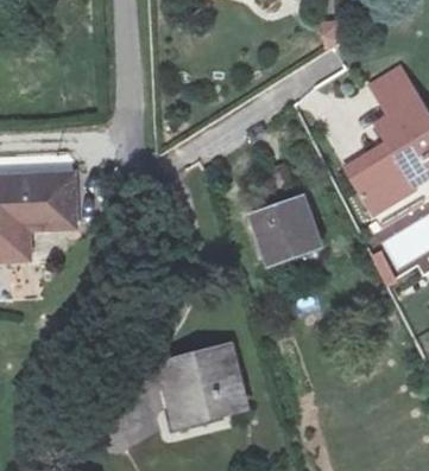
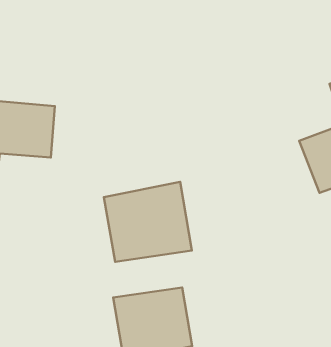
building: [257,192,324,254] -> none
building: none -> [104,182,192,262]

